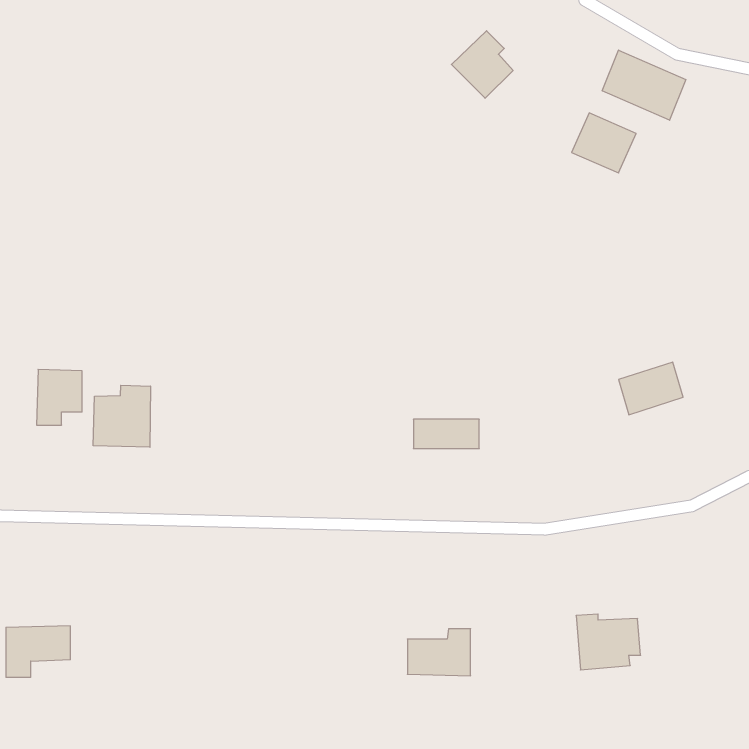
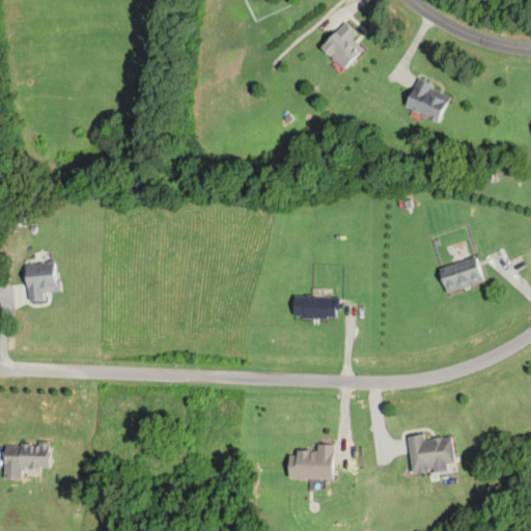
building: [602,50,686,120] -> none
building: [93,385,150,447] -> none

